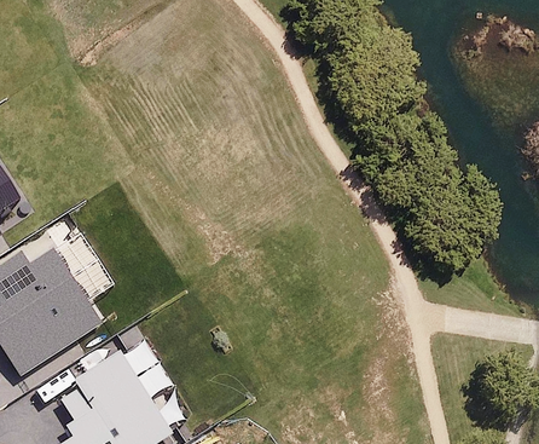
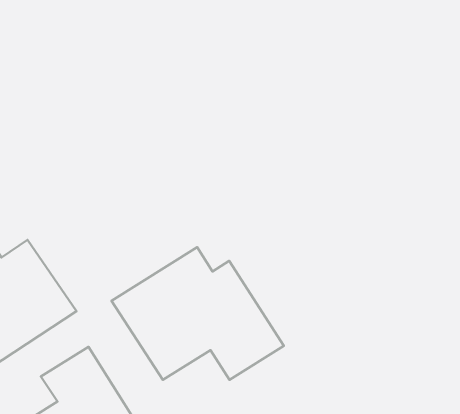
building: none -> [112,247,284,380]

